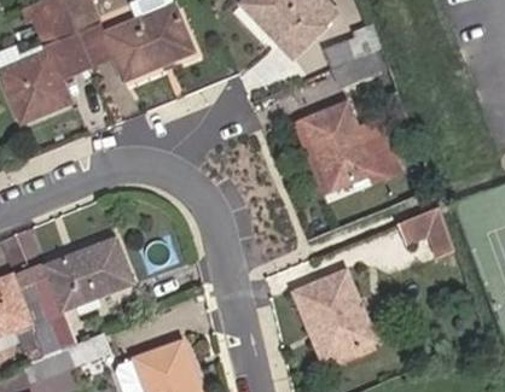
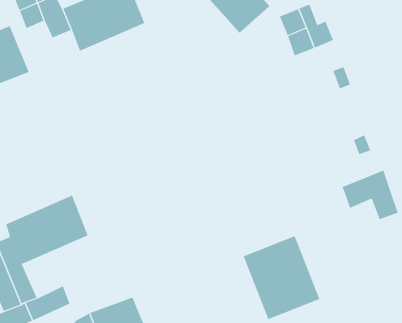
building: [307,107,401,191] -> none

